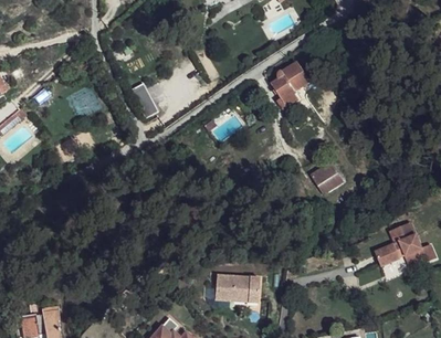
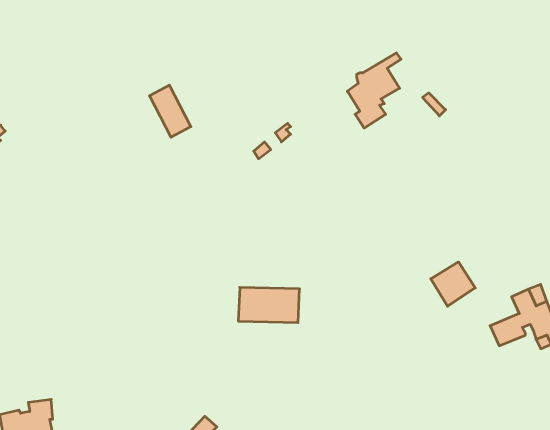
building: [314,160,346,192] -> [431,262,475,306]
building: [213,275,258,300] -> [238,287,300,323]

